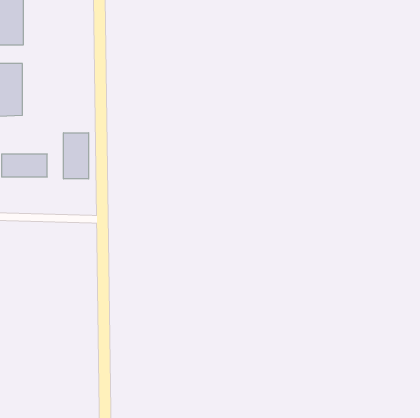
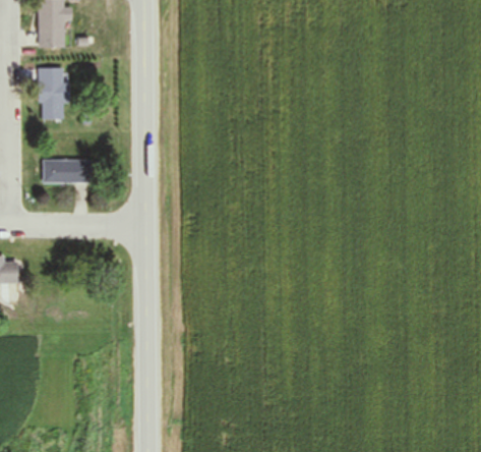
building: [64,133,89,179] -> none

